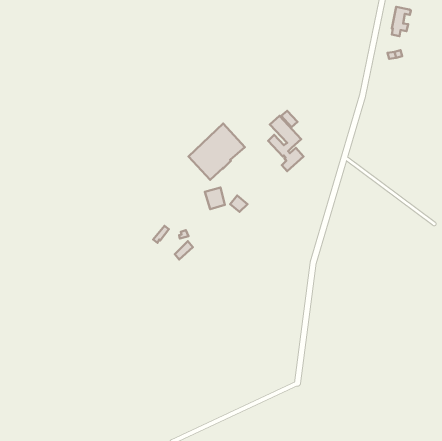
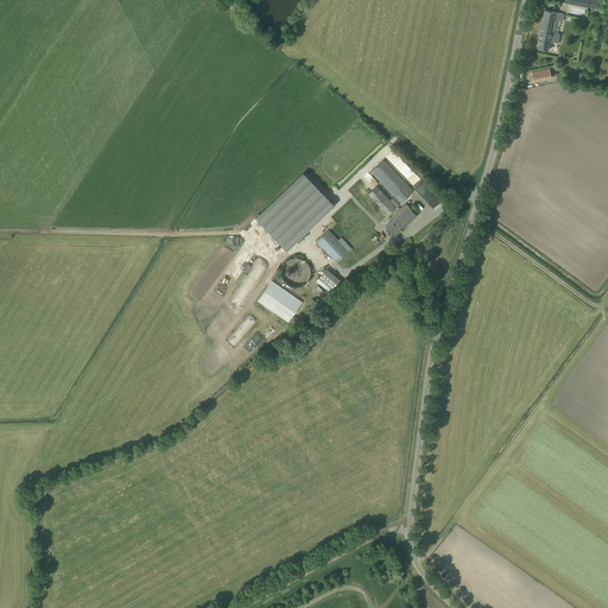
building: none -> [316,230,349,264]
building: none -> [256,281,302,323]

